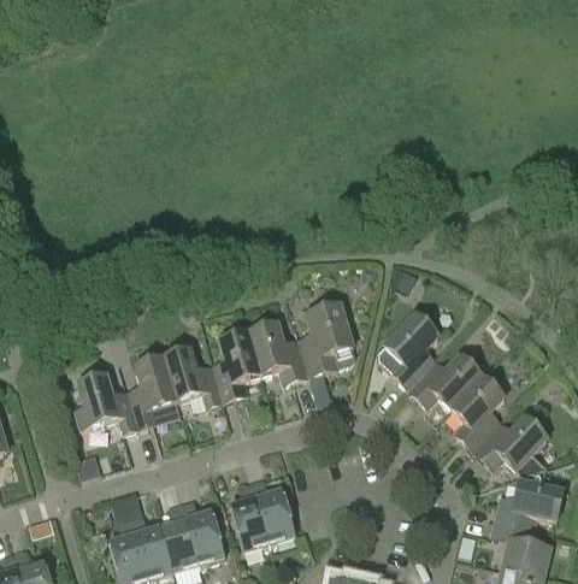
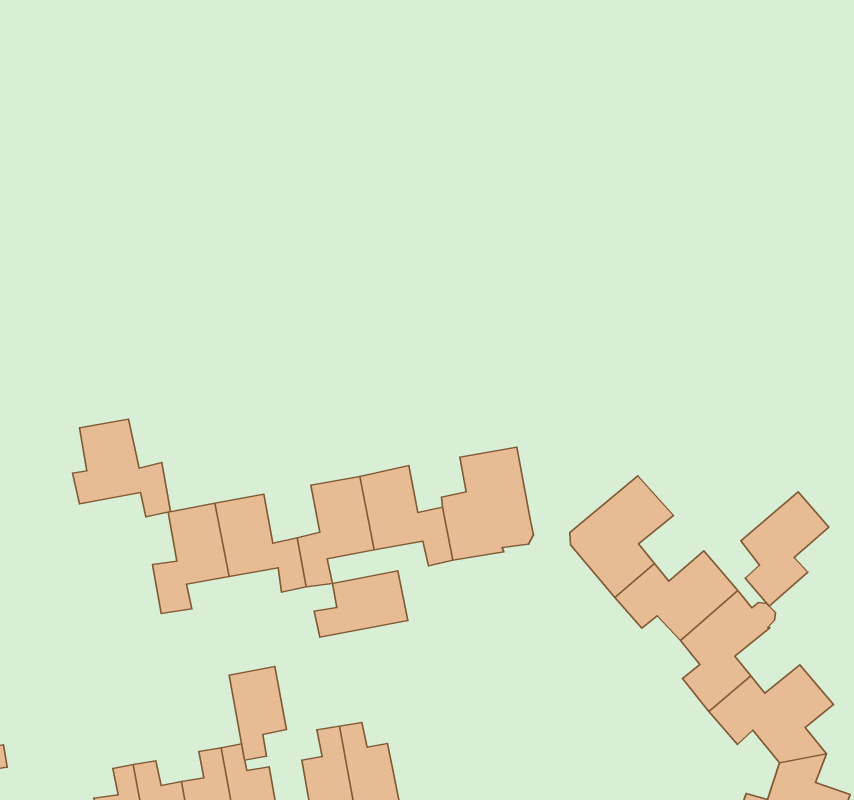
building: none -> [741,492,829,606]
building: [76,372,137,430] -> [73,419,171,517]
building: none -> [314,571,408,637]
building: none -> [229,666,287,760]

